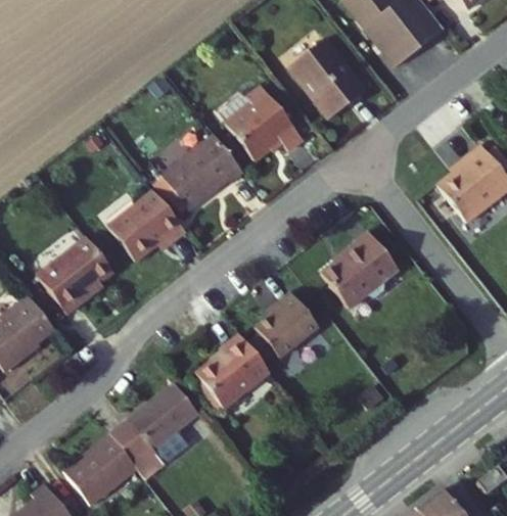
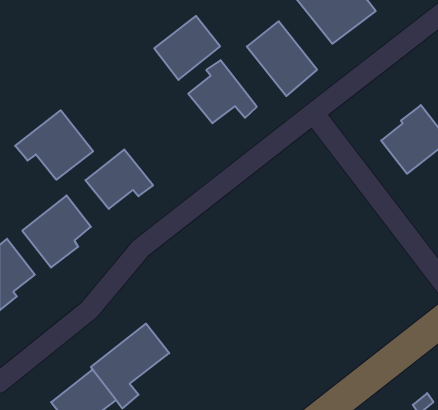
building: [164,133,238,205] -> [154,16,220,80]
building: none -> [15,110,93,180]
building: [326,230,403,312] -> none
building: [259,291,321,357] -> none
building: [198,335,272,410] -> none

